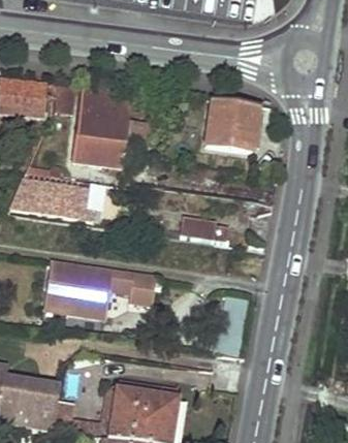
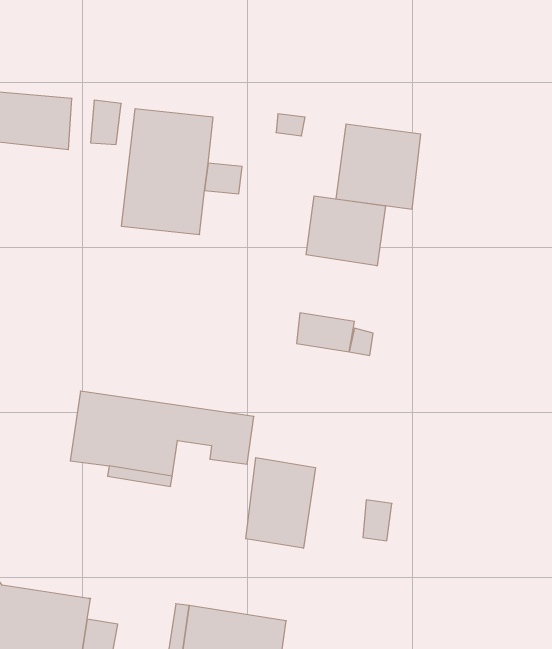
building: none -> [306,196,386,266]
building: [10,172,105,221] -> none
building: none -> [246,458,315,548]

